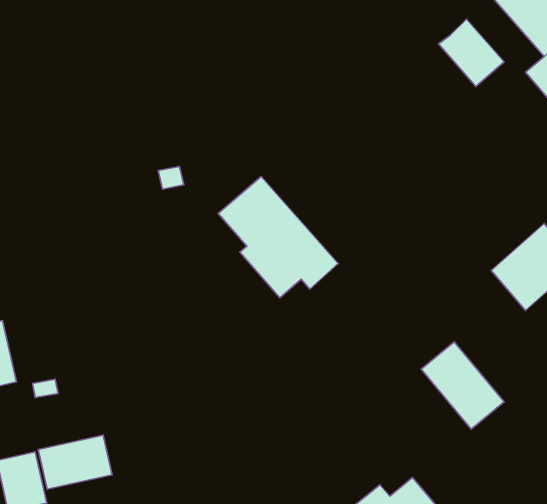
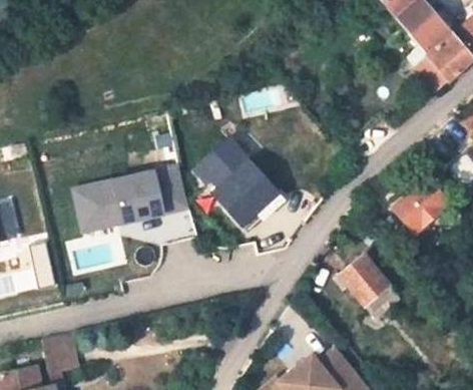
building: [438,19,504,87] -> none
building: none -> [74,164,189,231]
building: [38,435,112,489] -> none

